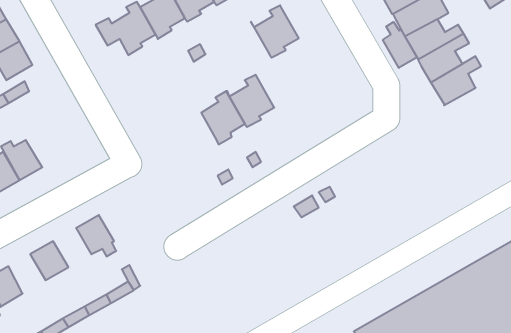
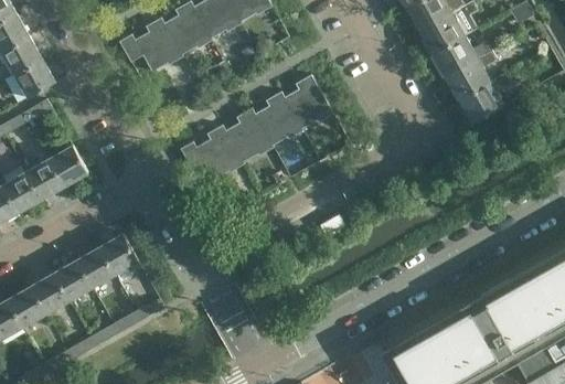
building: [251,5,299,58] -> [280,76,329,129]
building: [383,22,417,68] -> none
building: none -> [180,126,241,180]
building: none -> [47,145,87,186]
building: none -> [75,248,114,288]
building: none -> [30,275,67,314]

